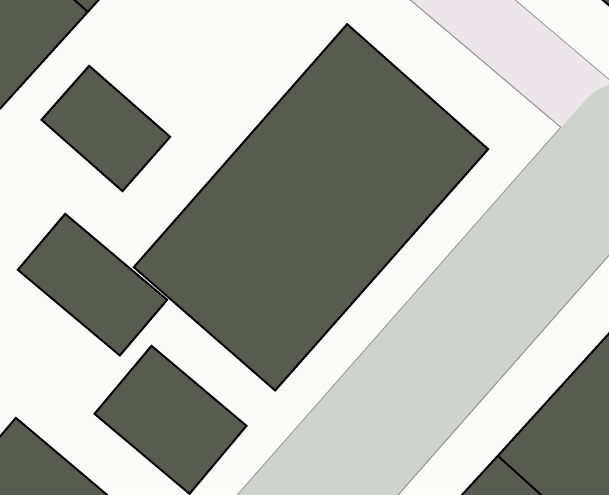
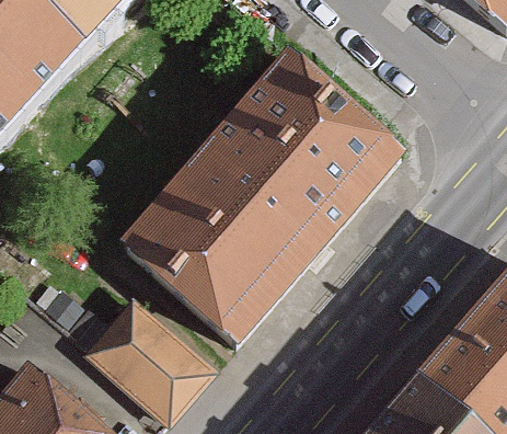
building: [41,66,170,191] -> none
building: [18,214,167,356] -> none

